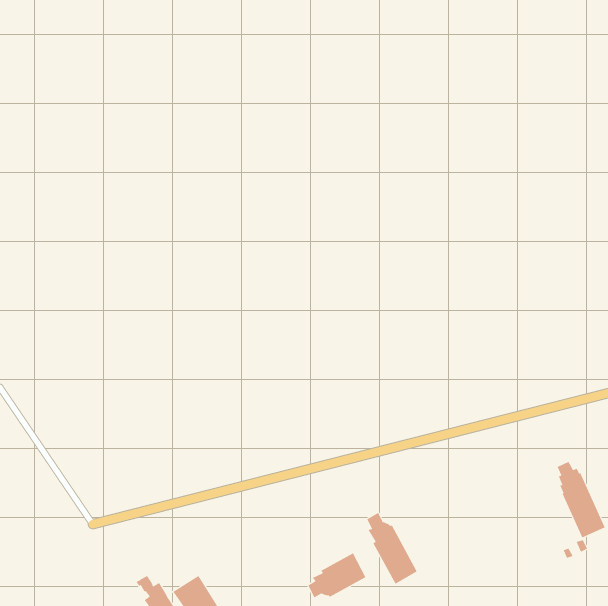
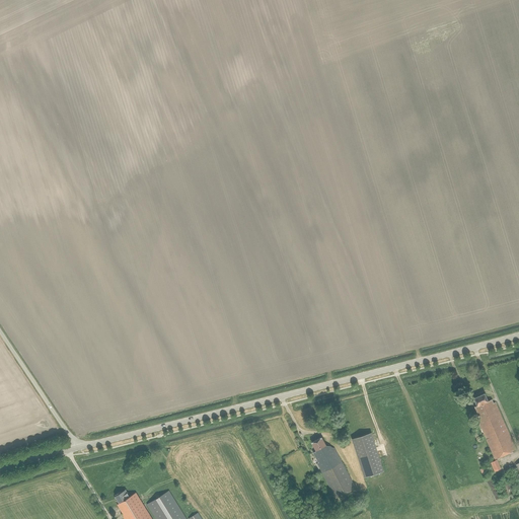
building: none -> [352,433,383,477]
building: [307,553,366,598] -> none

